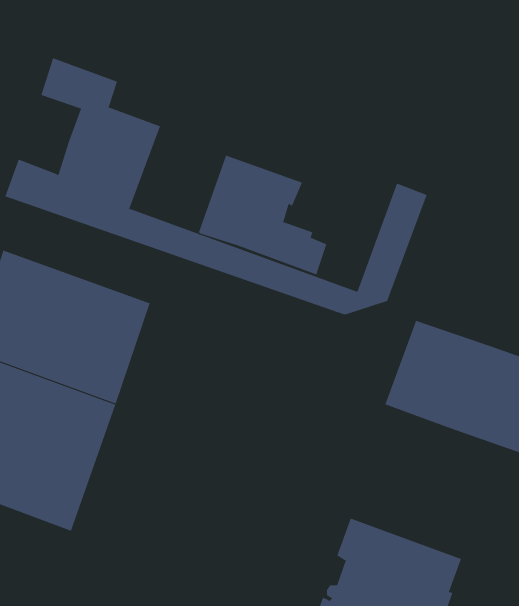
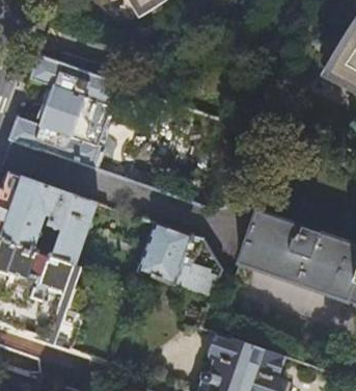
building: [198,155,327,275] -> [139,223,217,295]

